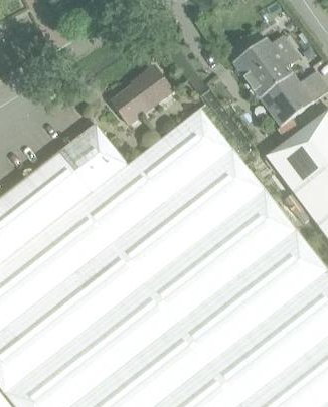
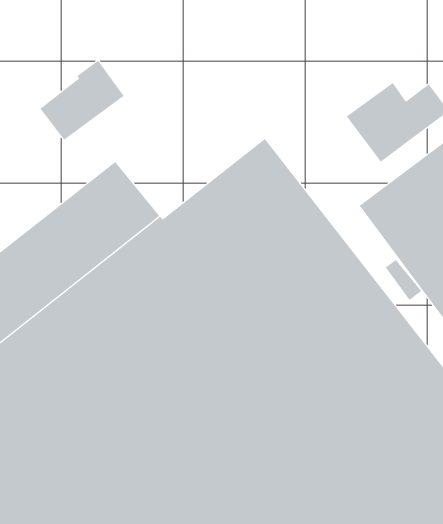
building: [233,35,300,94] -> none
building: [112,69,171,126] -> [39,60,124,141]

